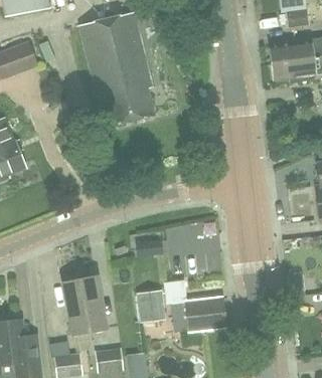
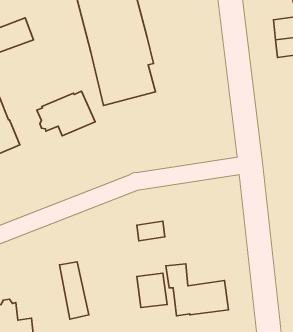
building: none -> [37,91,95,136]
building: [79,275,106,330] -> none

